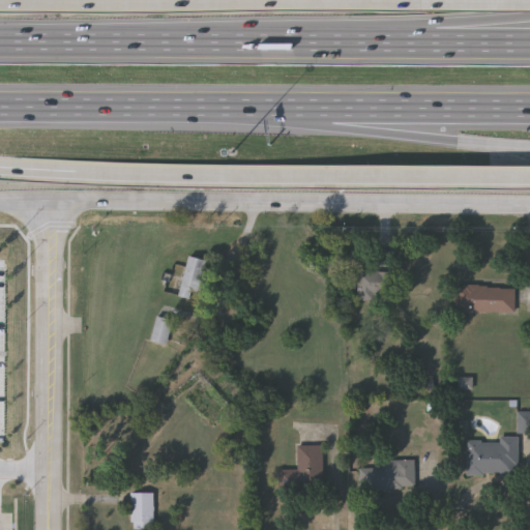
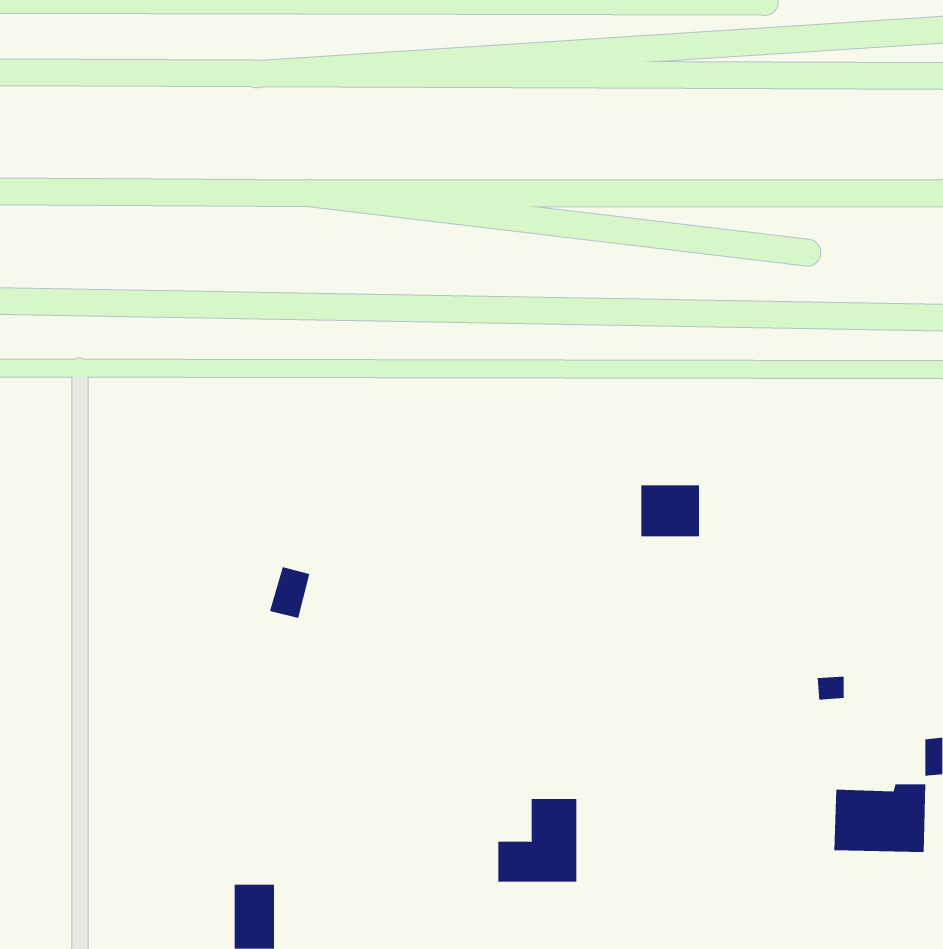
building: [180,256,206,295] -> none
building: [454,286,514,312] -> none
building: [359,460,414,490] -> none

